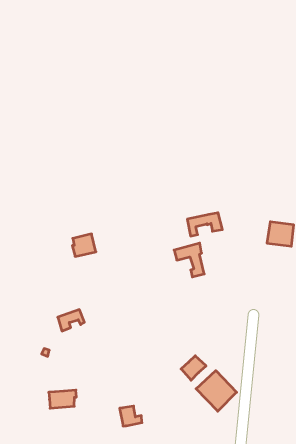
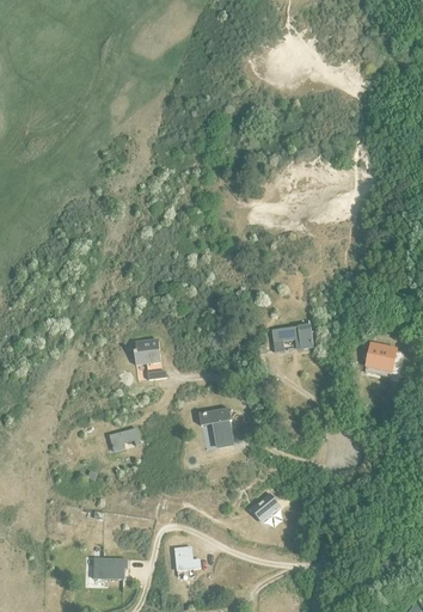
building: [174,243,204,277] -> [197,406,231,446]
building: [196,371,237,411] -> none
building: [49,390,76,408] -> [93,558,125,577]

